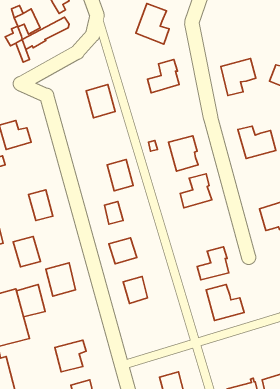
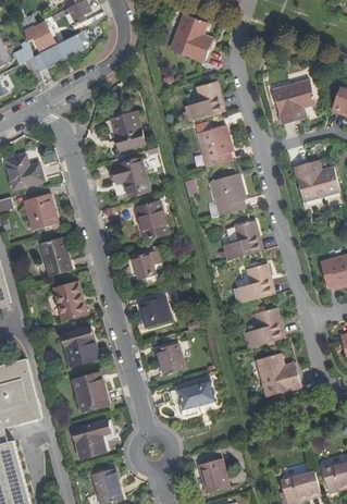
building: none -> [196,124,232,167]
building: none -> [111,158,148,195]
building: none -> [23,193,58,230]
building: none -> [235,262,273,303]
building: [13,236,40,267] -> [53,282,86,319]
building: [16,285,45,317] -> [73,371,108,410]
building: none -> [175,378,215,416]

